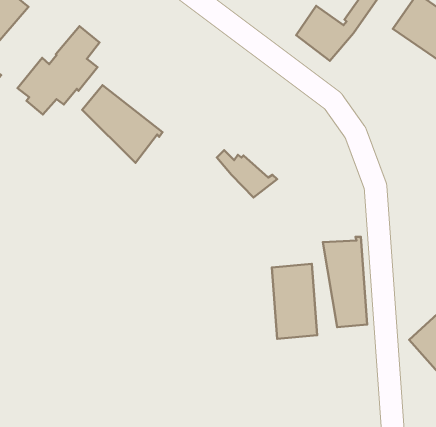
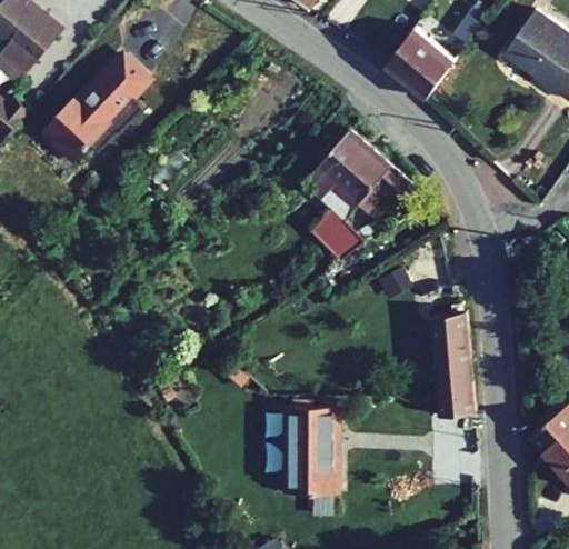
building: [82,85,163,163] -> none
building: none -> [309,133,421,218]
building: [272,264,317,339] -> [286,411,341,502]

